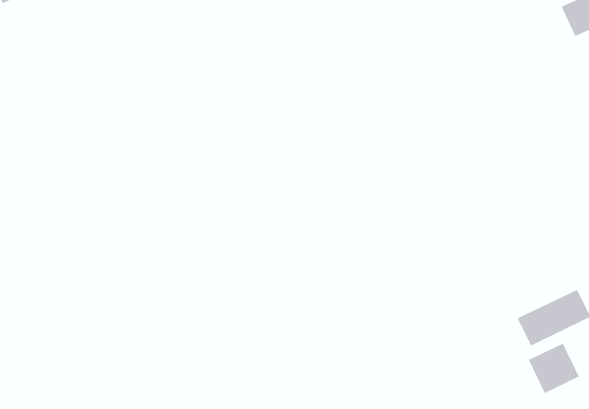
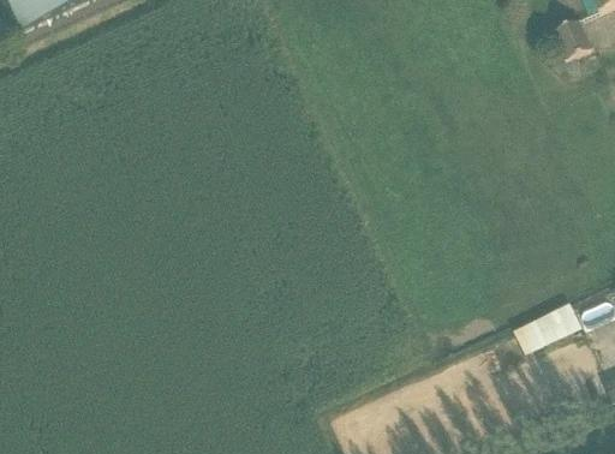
building: [528,343,580,394] -> none

